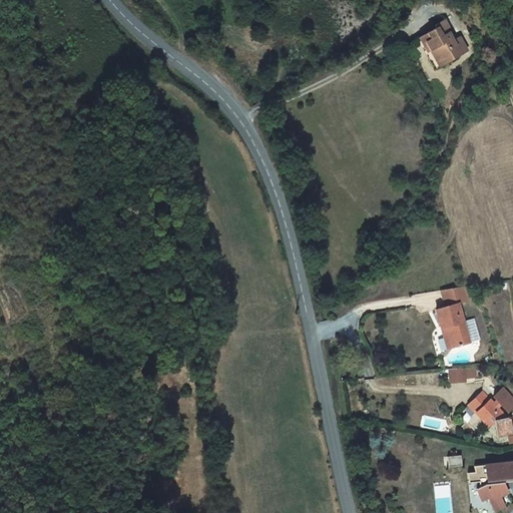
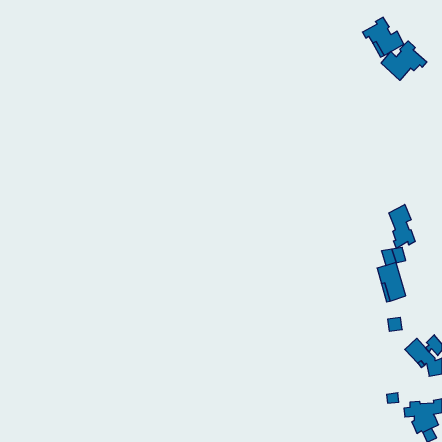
building: none -> [381,41,427,80]
building: none -> [389,204,415,248]

